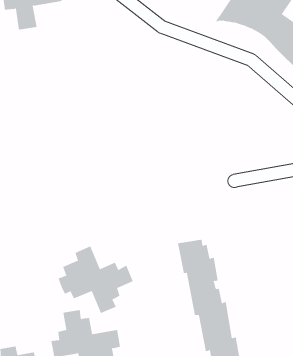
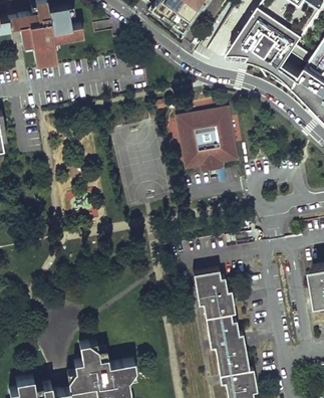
building: none -> [175,110,236,174]
building: [58,245,133,314] -> none

